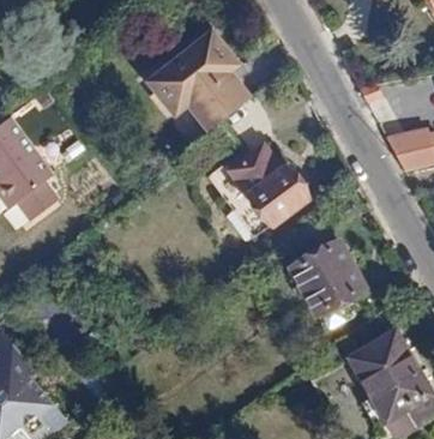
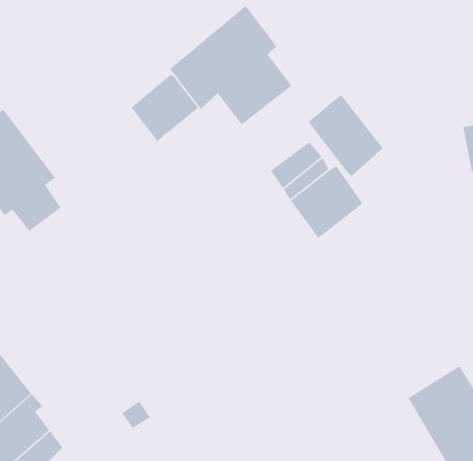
building: none -> [130,74,199,142]
building: none -> [307,94,384,177]
building: [288,240,361,329] -> none

